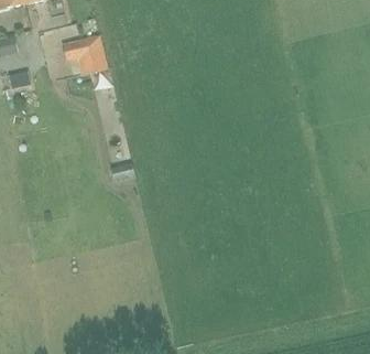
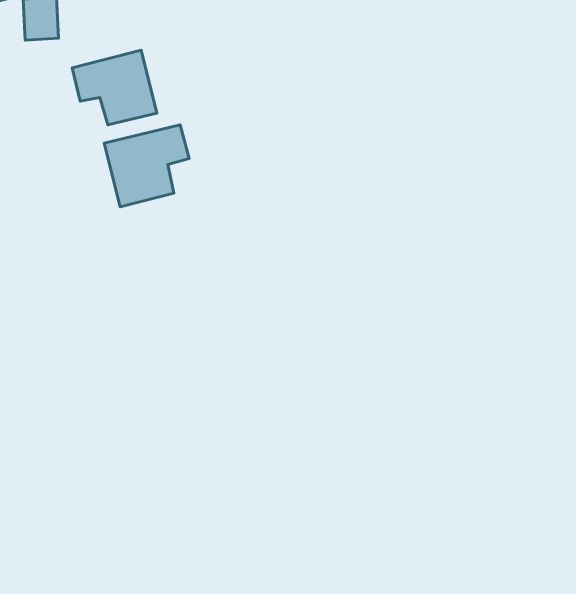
building: none -> [104,125,189,207]

